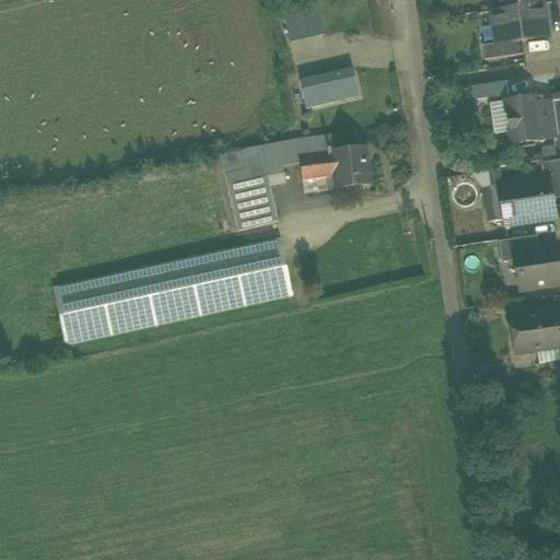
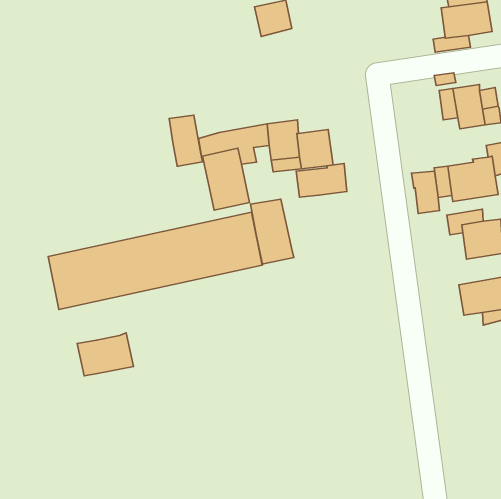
building: [301,68,360,107] -> none
building: none -> [169,115,202,166]
building: none -> [296,163,347,197]
building: none -> [411,171,440,214]
building: none -> [250,199,294,264]
building: none -> [77,333,134,376]

